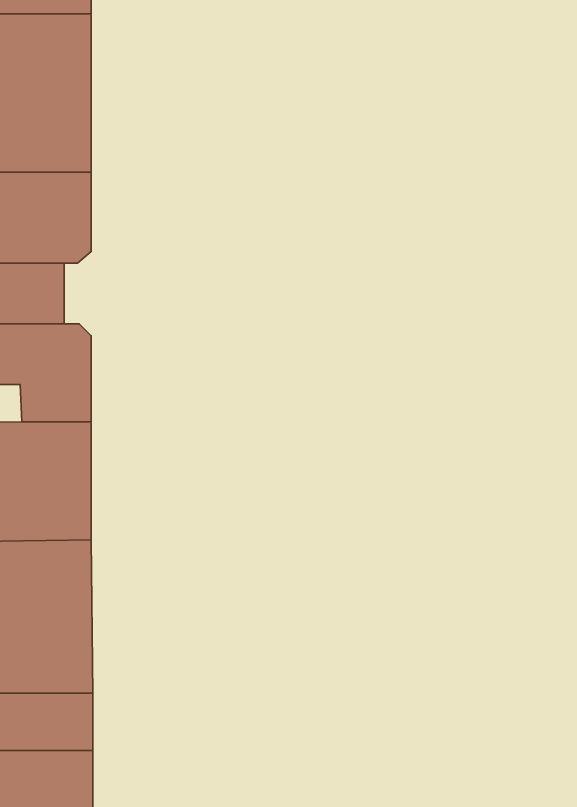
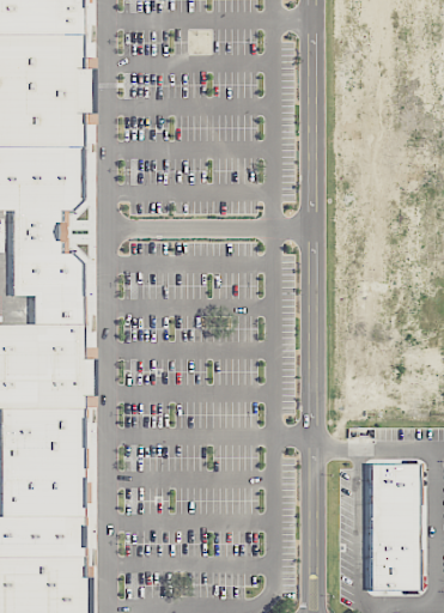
building: none -> [369,460,420,590]

